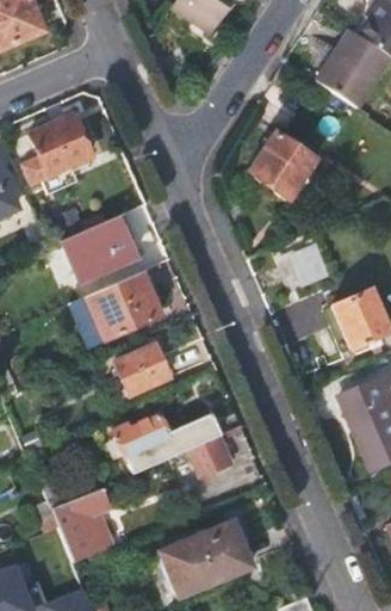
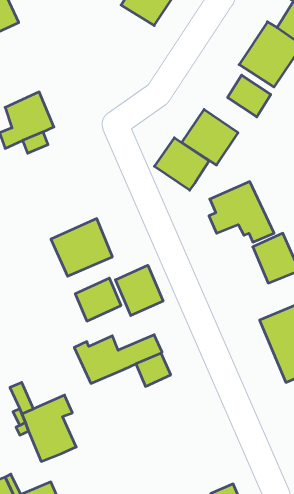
building: none -> [228,75,271,117]
building: none -> [154,138,209,190]
building: [62,215,136,282] -> none
building: none -> [115,265,163,316]
building: [160,521,255,599] -> none

